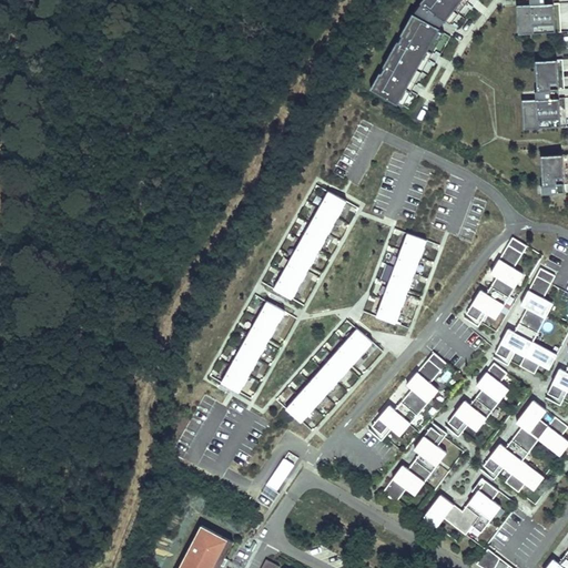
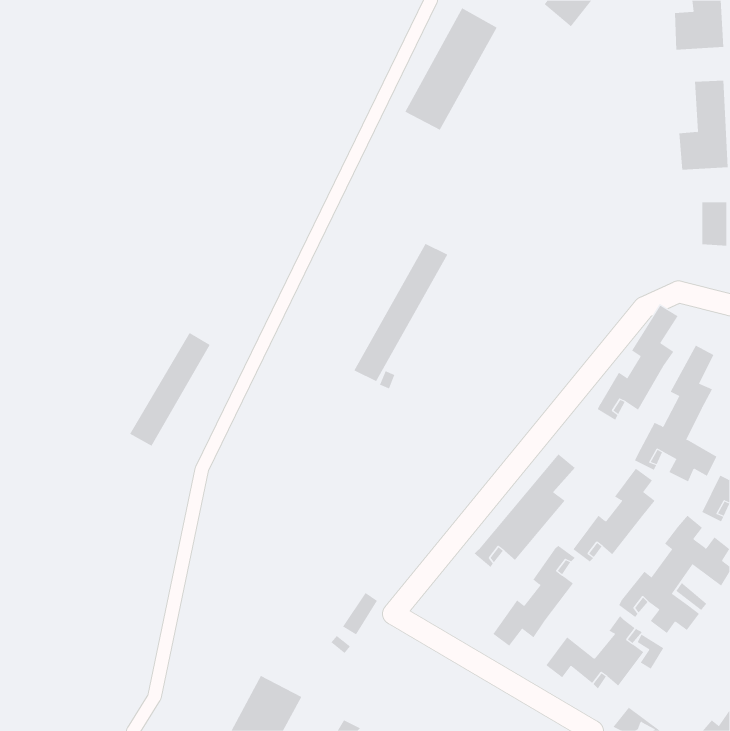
building: [369,12,442,108] -> [404,7,497,130]
building: [375,233,426,326] -> none
building: [221,303,284,392] -> [129,332,211,447]
building: [284,329,372,424] -> none

